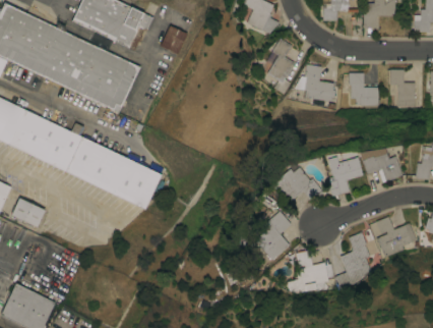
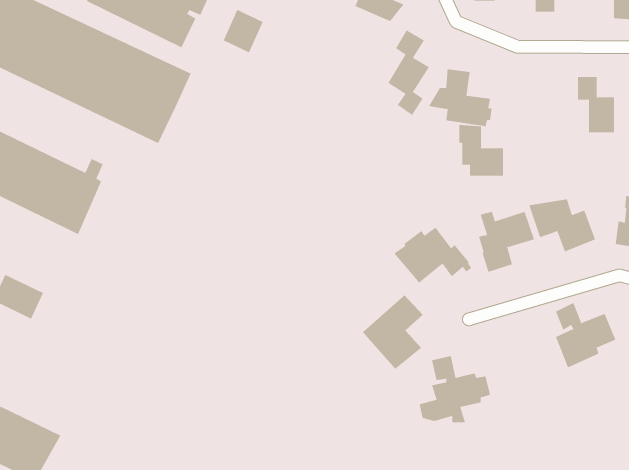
building: [349,72,378,106] -> [458,124,504,176]
building: [67,134,162,210] -> none
building: [334,232,371,289] -> none

